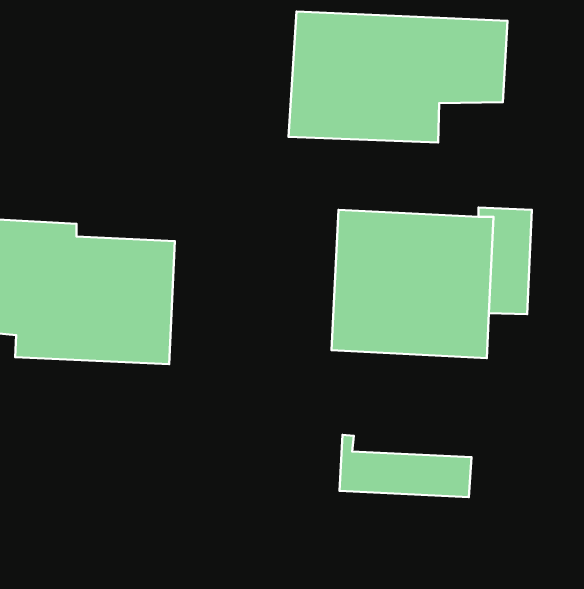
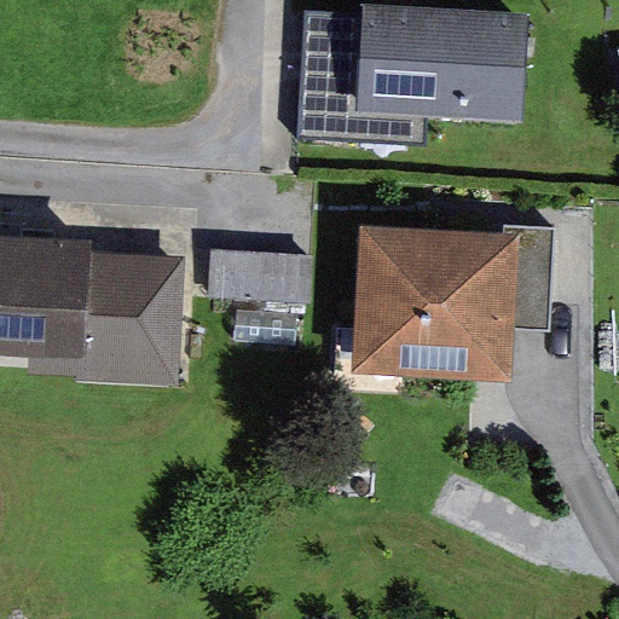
building: none -> [207,253,312,305]
building: [340,435,472,497] -> none

